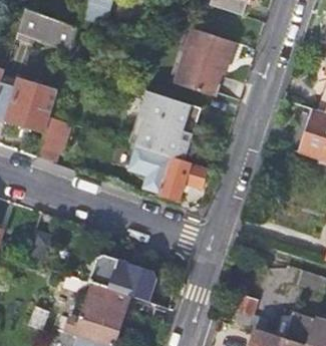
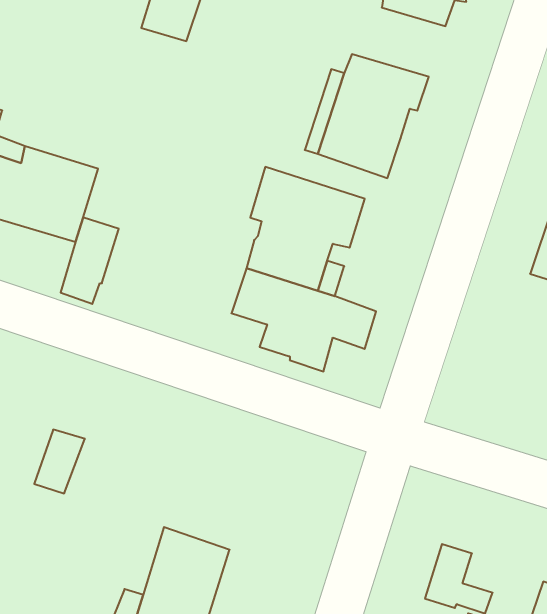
building: [17,8,78,51] -> none
building: [90,253,158,302] -> none

